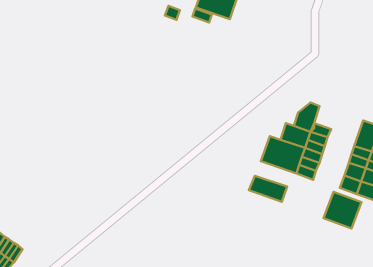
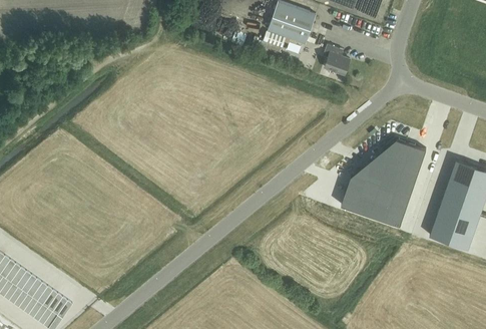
building: none -> [323,45,350,76]
building: none -> [401,142,426,169]
building: [249,176,287,202] -> none
building: [324,192,361,228] -> none

